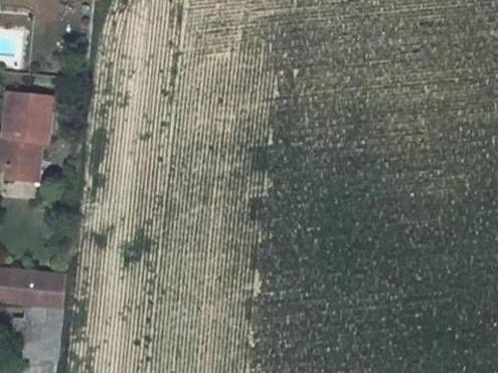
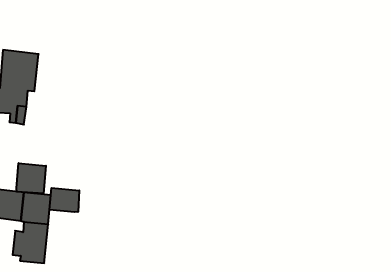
building: none -> [16,163,46,193]
building: none -> [49,188,79,212]

